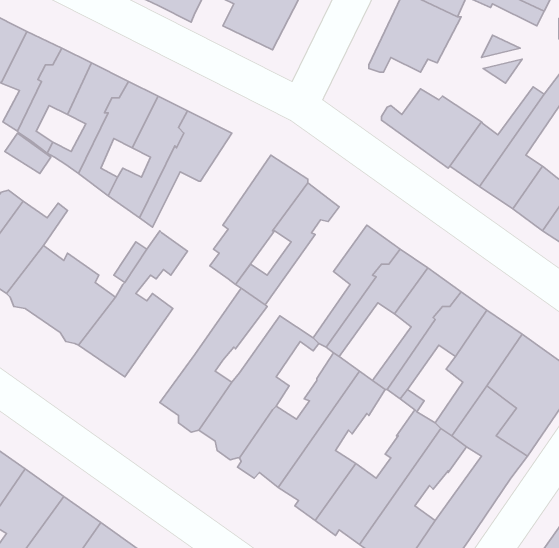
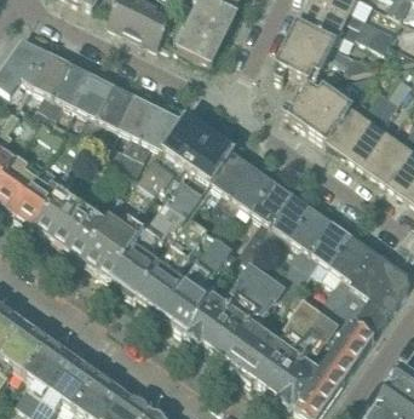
building: none -> [138,116,209,196]
building: none -> [206,167,272,237]
building: none -> [114,203,182,298]

